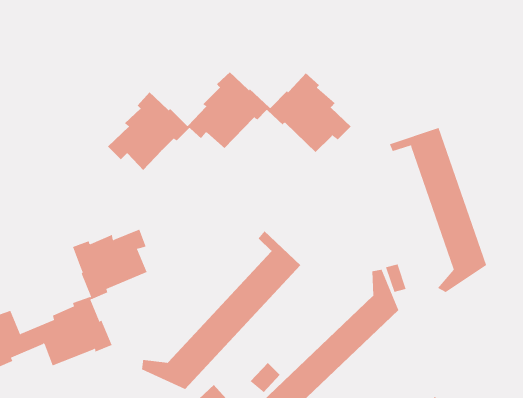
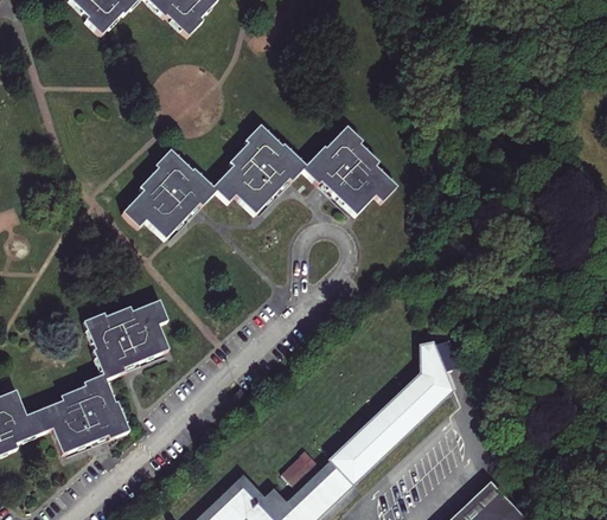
building: [389,127,487,293] -> none
building: [142,231,301,390] -> none

